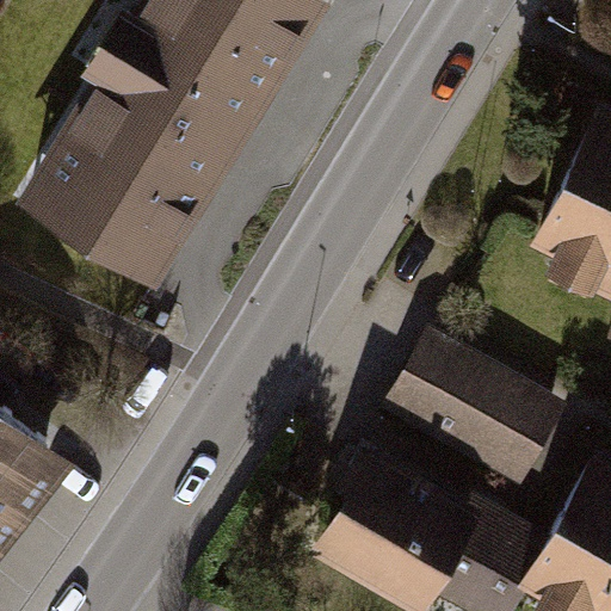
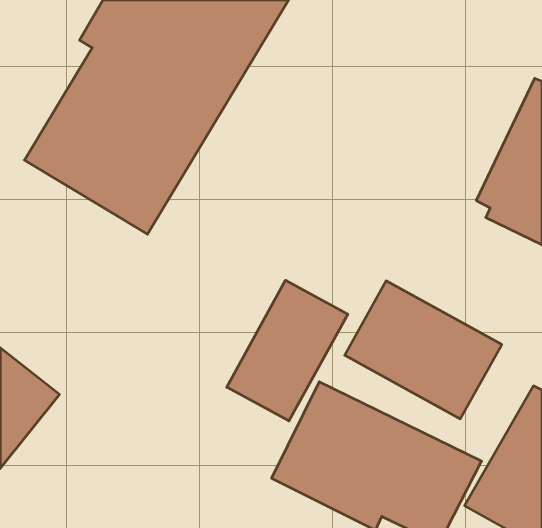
building: none -> [227,280,348,421]

